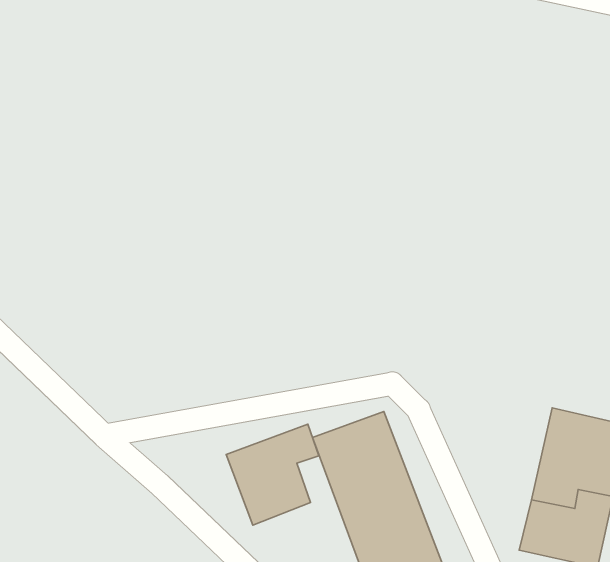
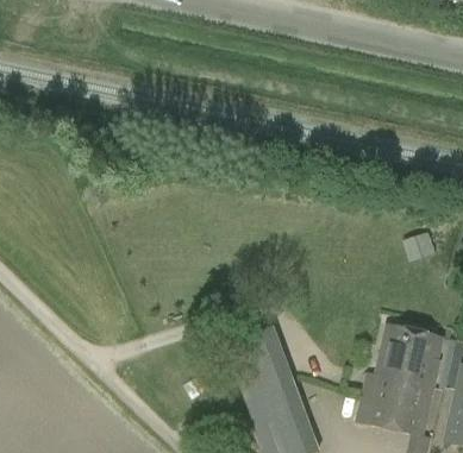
building: [226,424,319,525] -> none

